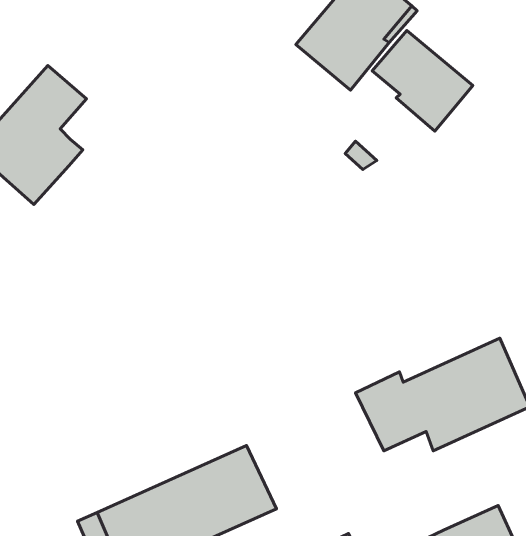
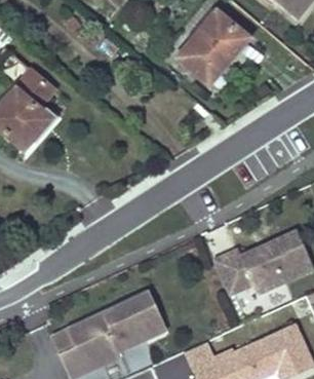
building: [372,30,473,131] -> none

